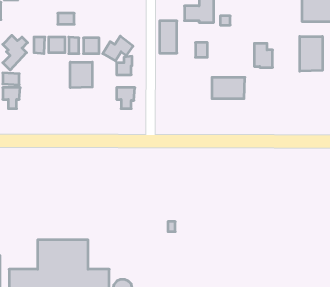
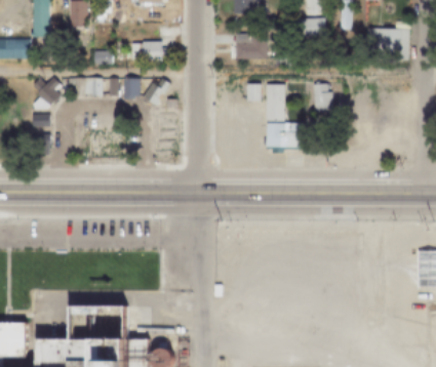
building: none -> [131,41,167,62]
building: [160,21,177,53] -> [265,85,284,121]
building: [300,36,322,71] -> none
building: [70,62,92,88] -> none

